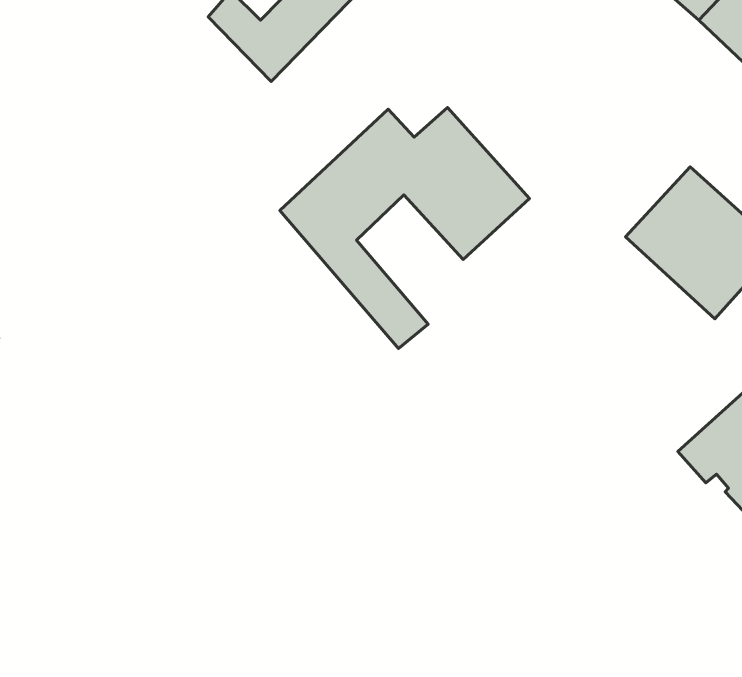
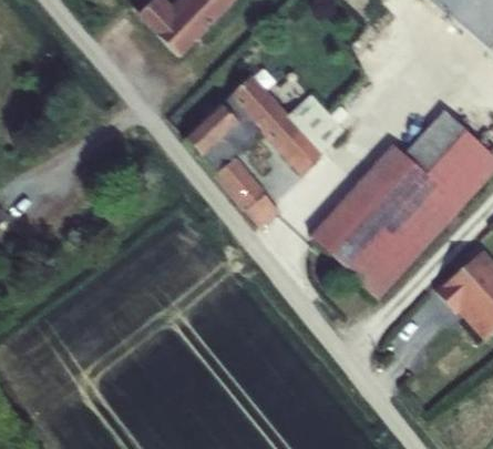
building: none -> [310,144,460,296]

